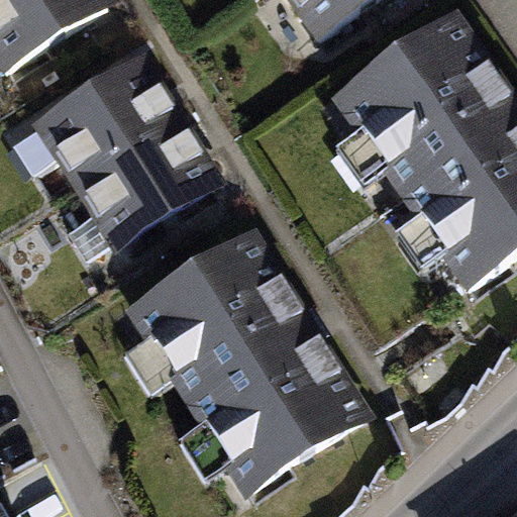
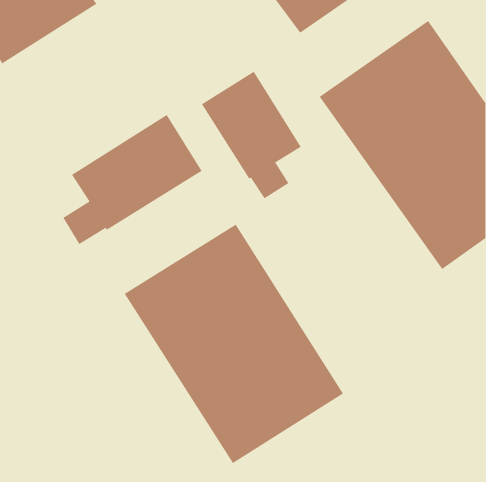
building: [37,61,176,184] -> none
building: none -> [201,71,301,199]

